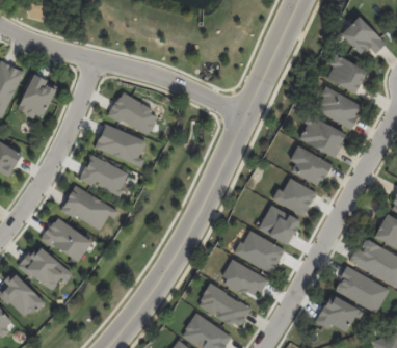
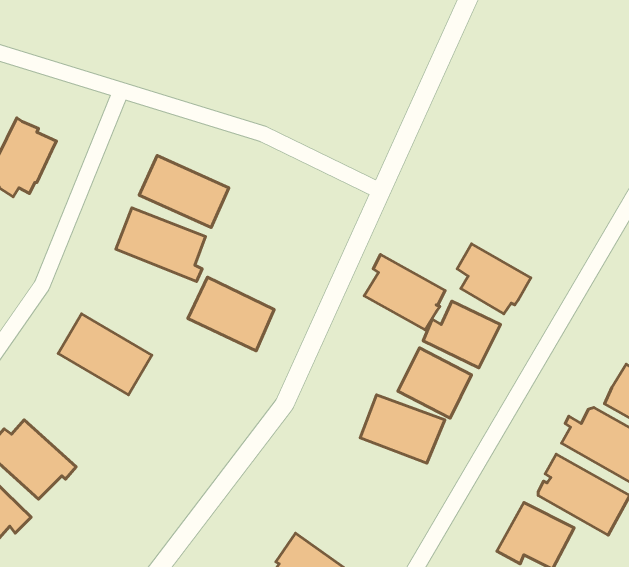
building: [341,17,385,55] -> none
building: [327,53,369,93] -> none
building: [319,85,362,129] -> none
building: [299,114,346,158] -> [364,254,445,330]
building: [77,154,127,196] -> [188,277,274,351]
building: [39,219,90,260] -> none
building: [218,259,265,298] -> none
building: [200,282,253,326] -> none

